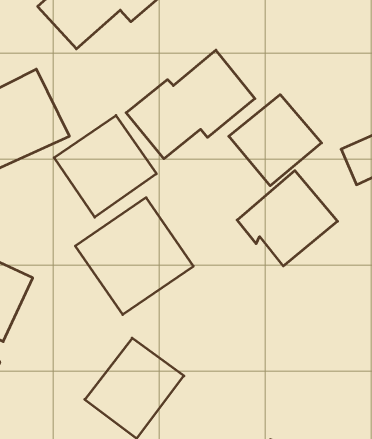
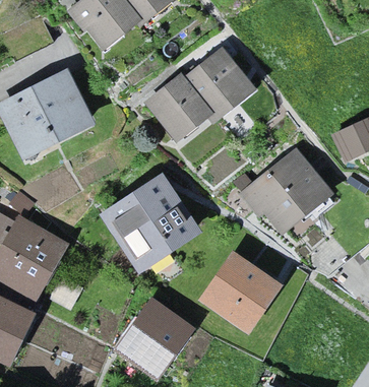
building: [229,95,322,186] -> none
building: [54,115,156,217] -> none
building: none -> [198,250,283,333]

